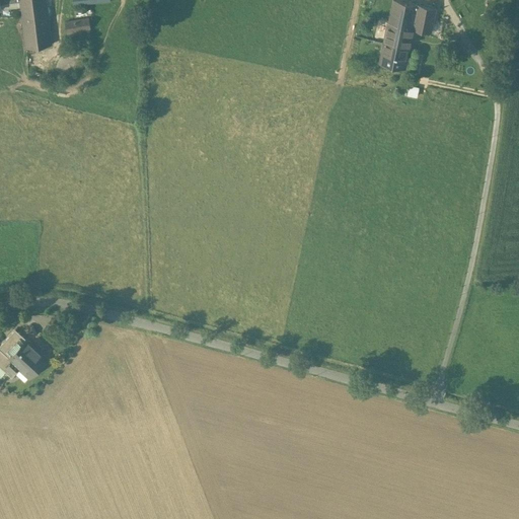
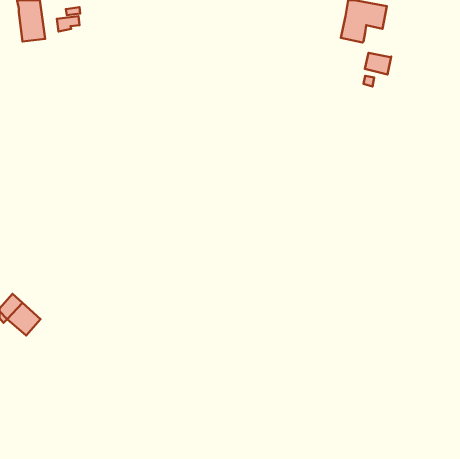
building: [379,45,409,69] -> [365,53,391,74]

